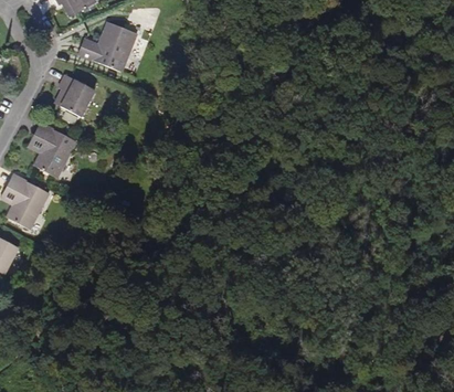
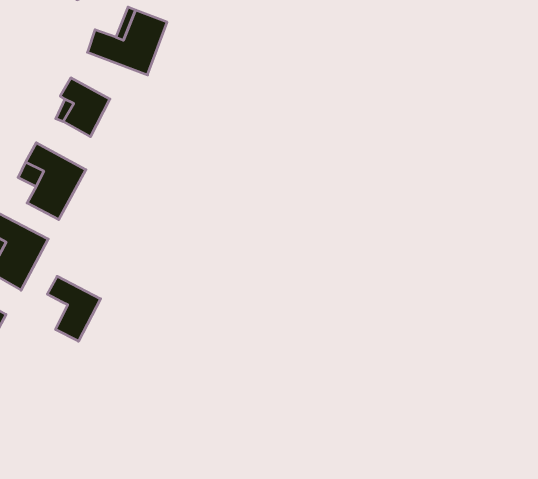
building: none -> [47,276,101,341]

